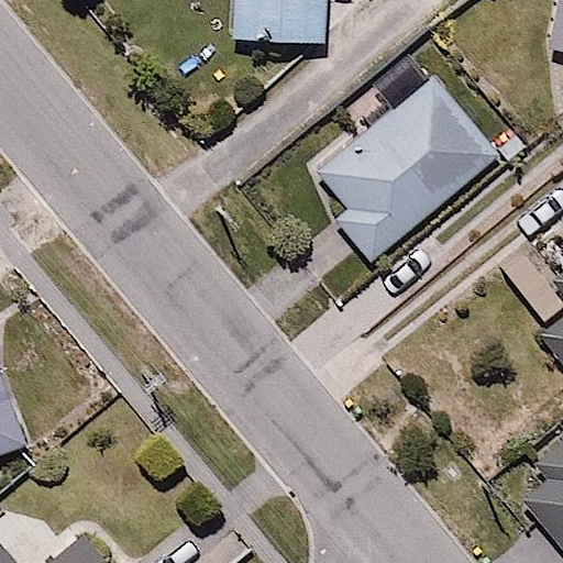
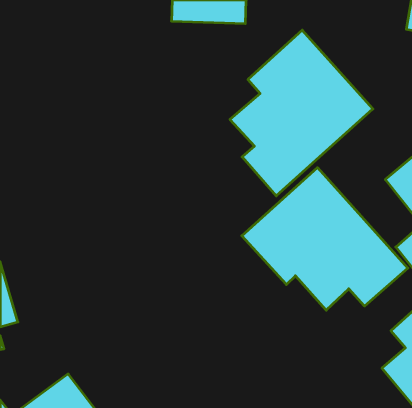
building: none -> [242,168,408,310]

